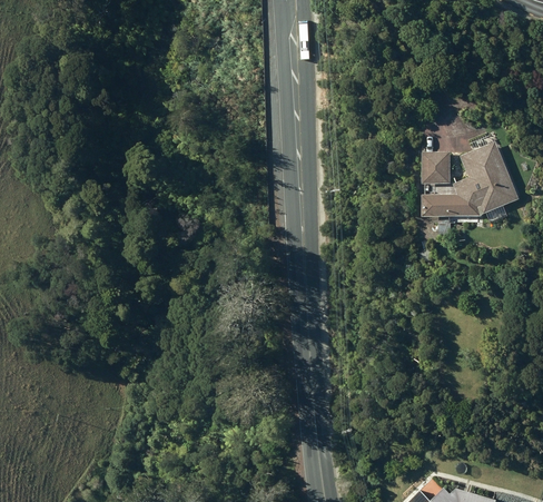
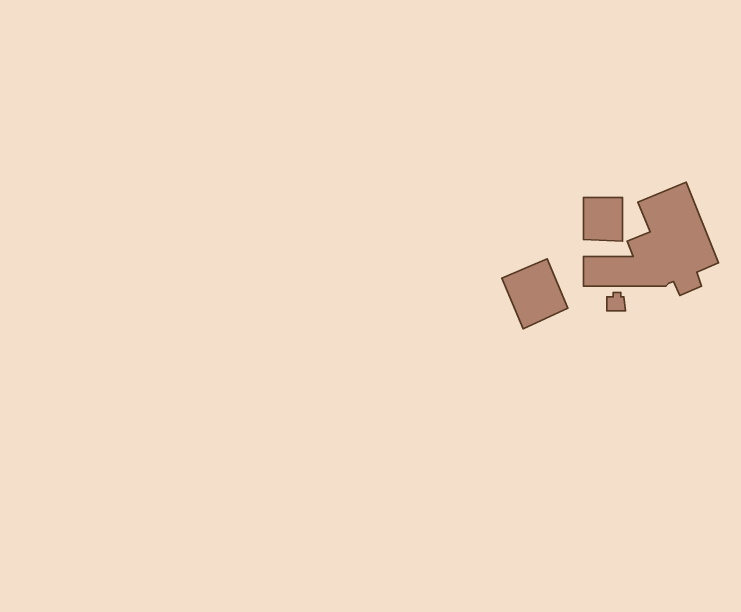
building: none -> [502,259,568,329]

